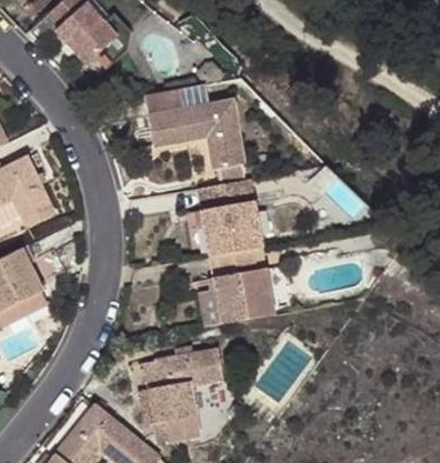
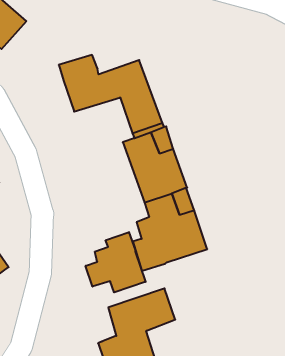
building: none -> [86,232,146,292]

